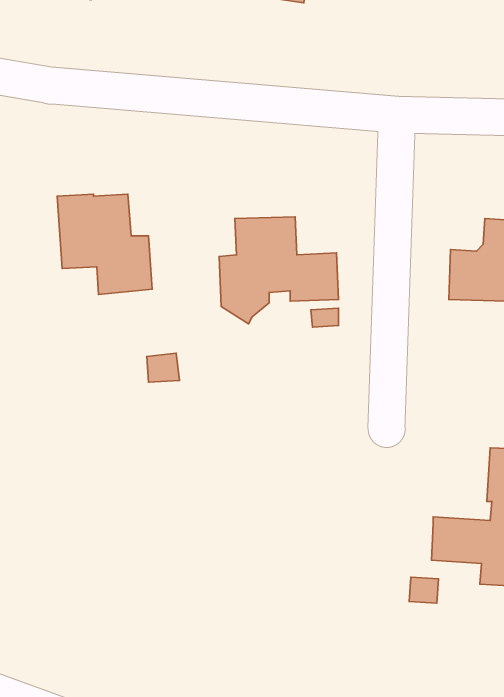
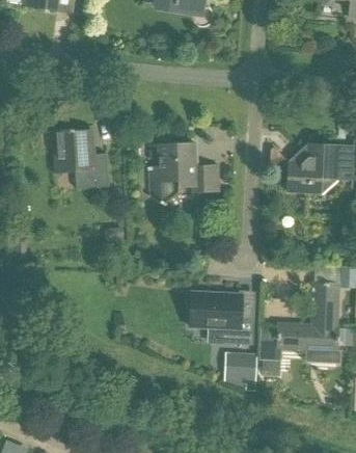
building: none -> [190,291,254,344]
building: none -> [235,351,257,390]

